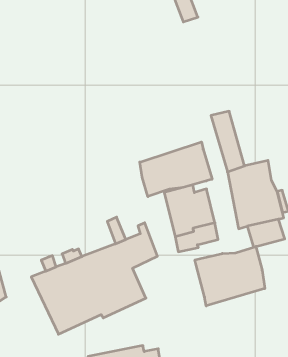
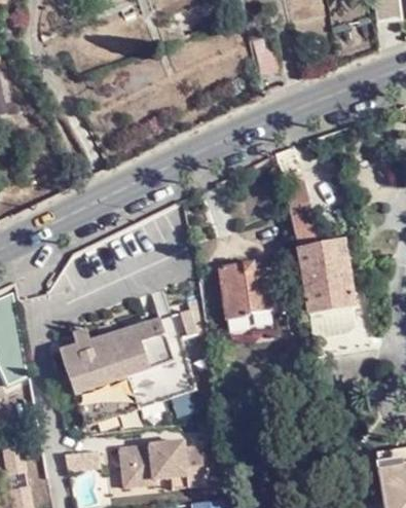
building: [140,142,212,197] -> none
building: [195,246,265,306] -> none

